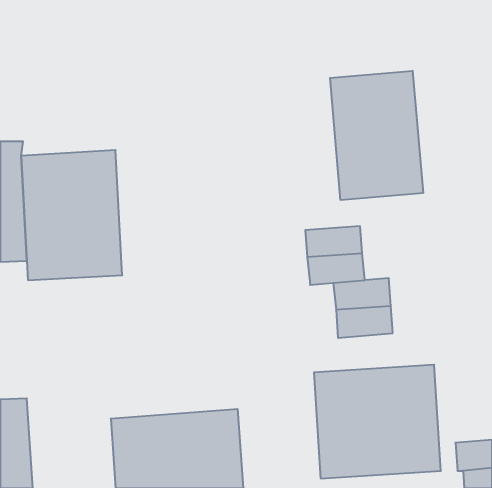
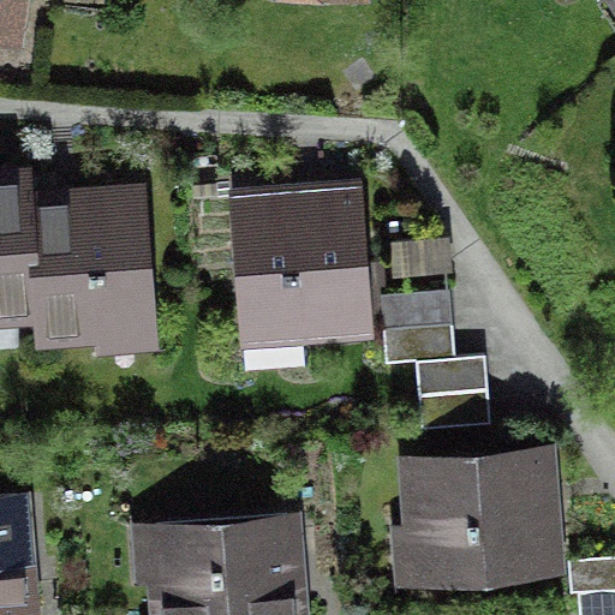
building: [330,71,423,200] -> none
building: none -> [233,189,366,366]

